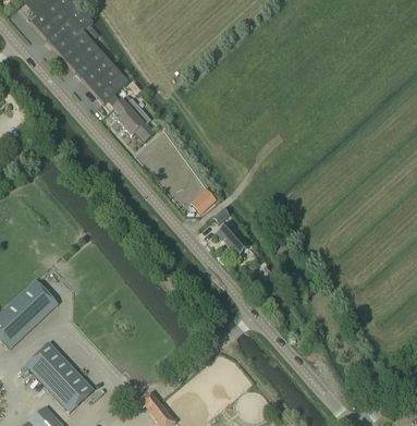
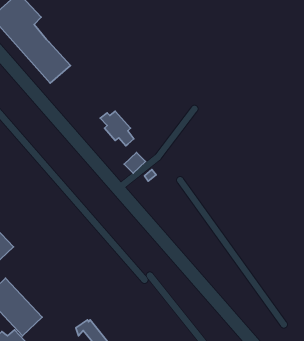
building: [113,98,155,141] -> [100,111,134,146]
building: [218,222,249,255] -> none

